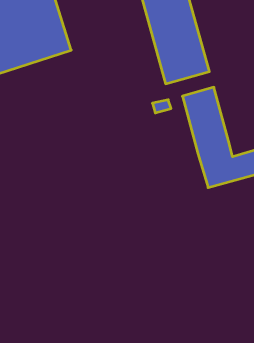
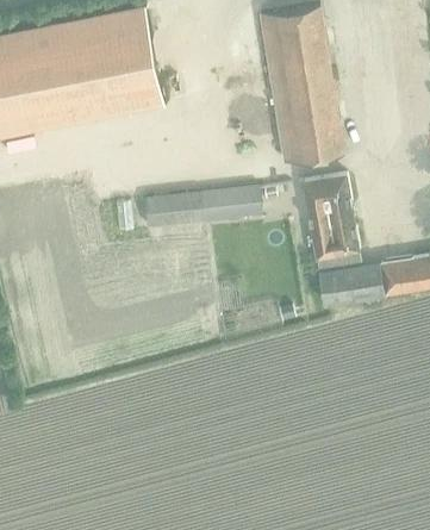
building: none -> [144,188,261,229]

